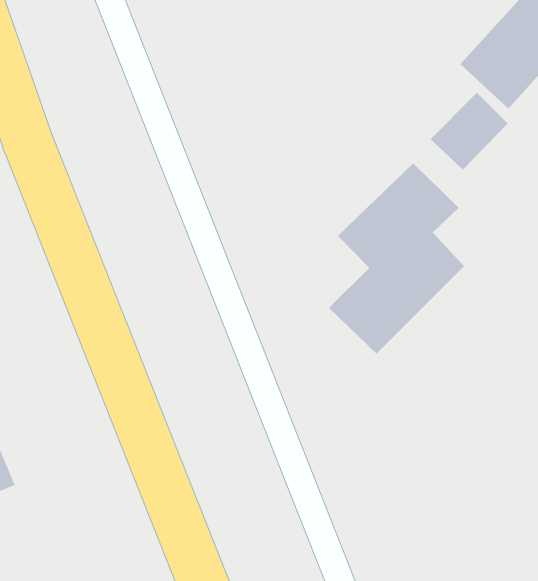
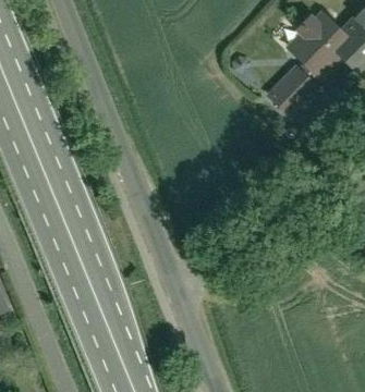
building: [328,163,465,355] -> none

